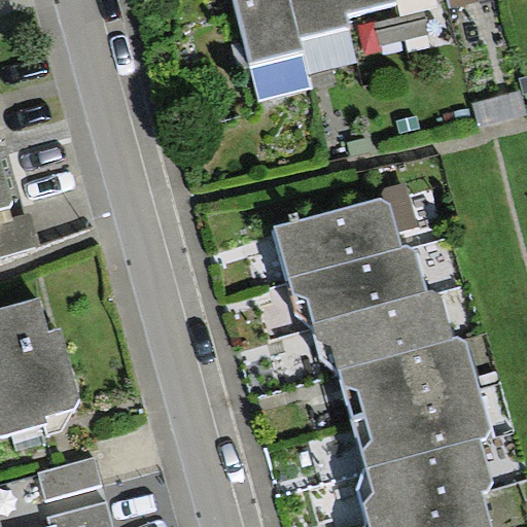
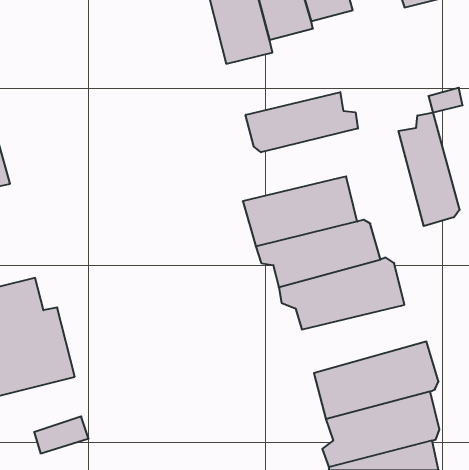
building: none -> [246,92,358,152]
building: none -> [398,113,460,226]
building: [337,338,476,416] -> none

